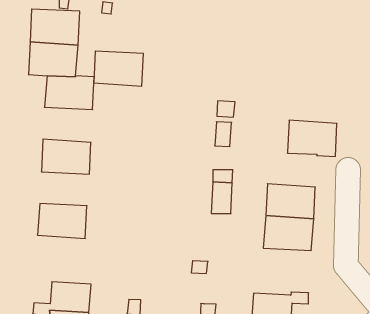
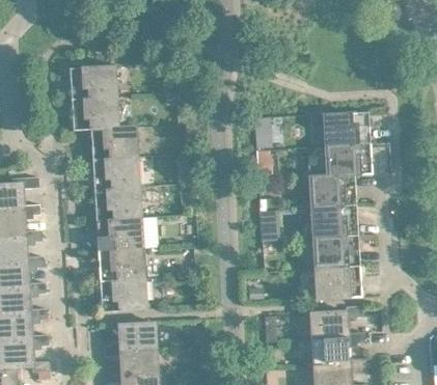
building: [94,51,143,86] -> [92,156,140,189]
building: none -> [323,111,371,144]
building: none -> [309,173,357,207]
building: none -> [97,217,143,250]
building: none -> [100,278,147,311]
building: none -> [315,265,362,299]

